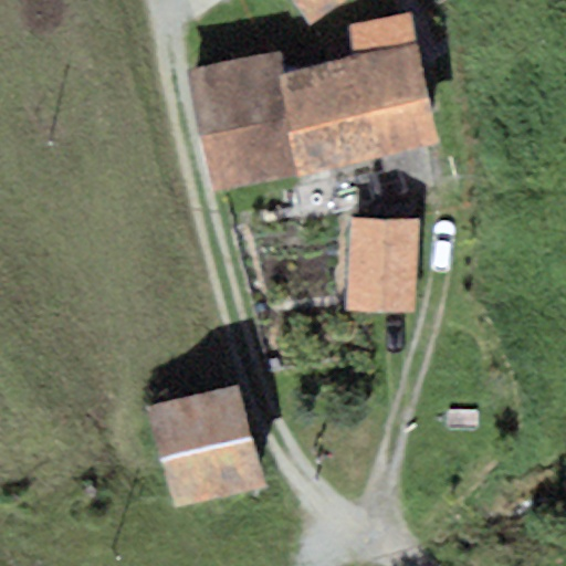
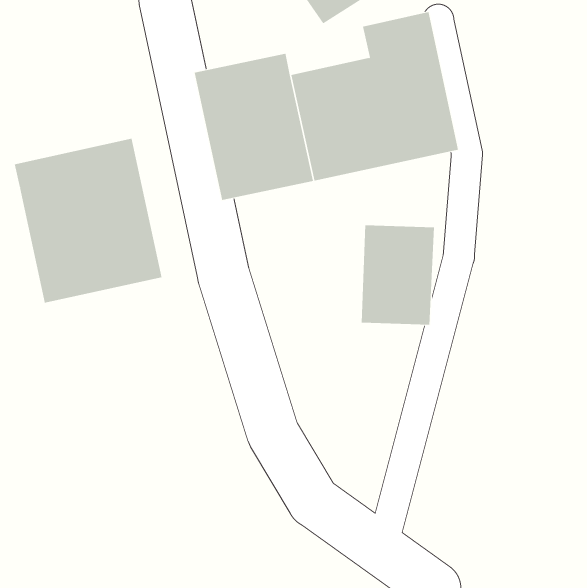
building: none -> [14,138,162,304]
building: [148,385,264,509] -> none

